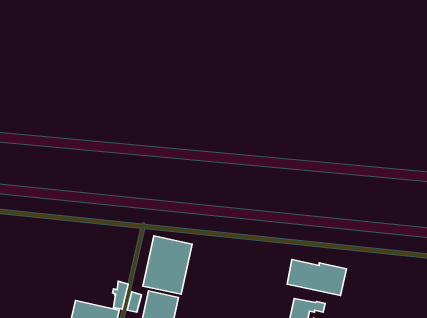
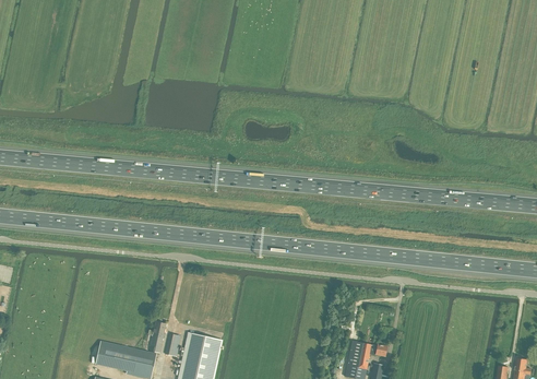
building: [143,236,192,294] -> none
building: [287,259,346,295] -> none

